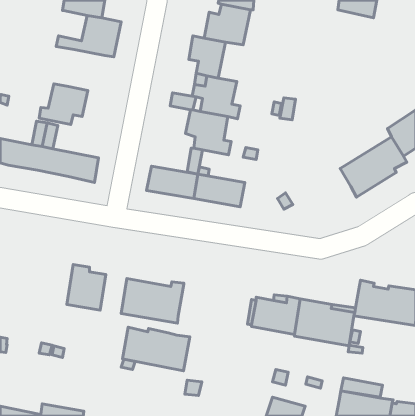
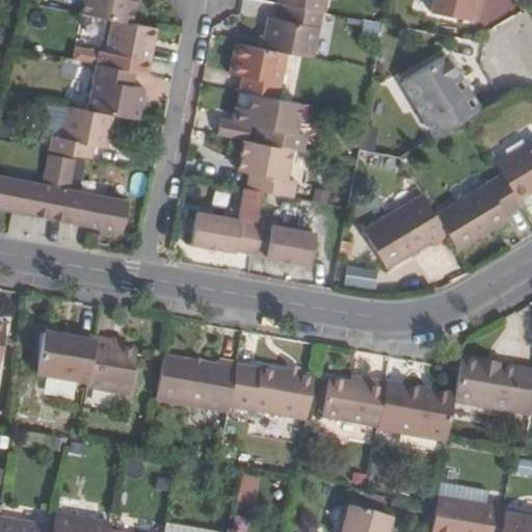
building: none -> [402,56,478,136]
building: none -> [86,63,144,121]
building: none -> [363,194,449,268]
building: none -> [34,334,95,389]
building: [122,327,190,371] -> [229,363,315,419]

